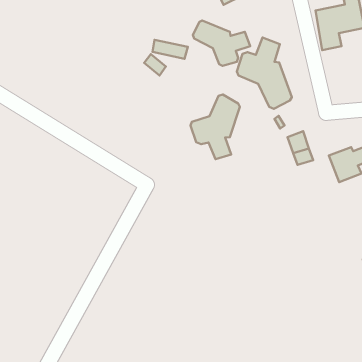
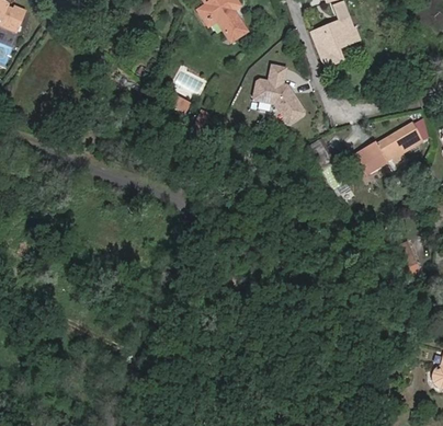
building: [193,20,250,66] -> none
building: [190,94,240,159] -> none

